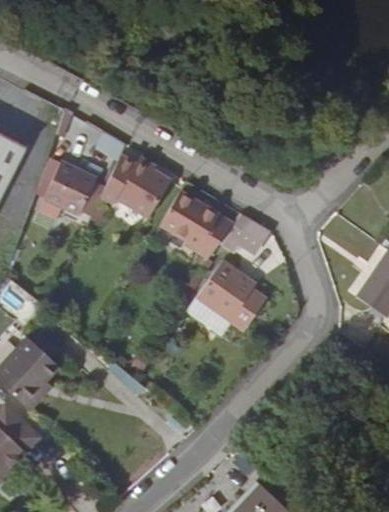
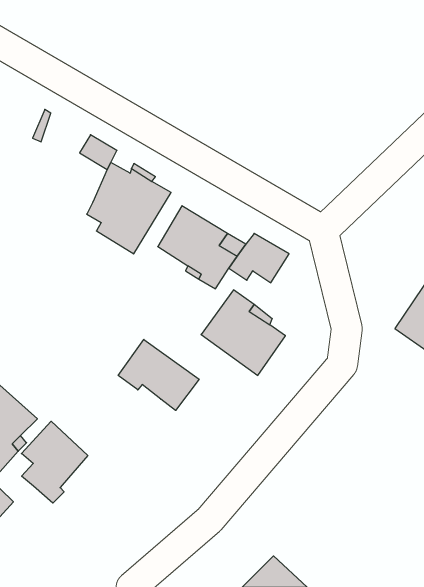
building: [43,161,106,217] -> none
building: none -> [118,339,199,410]
building: none -> [21,421,88,503]

